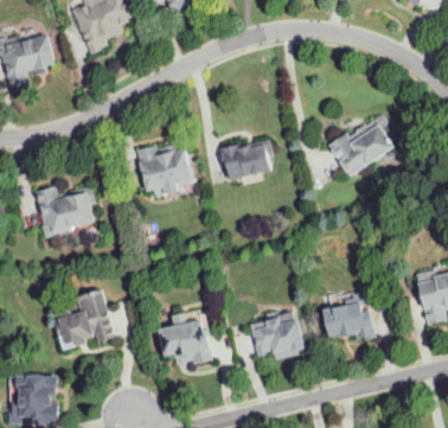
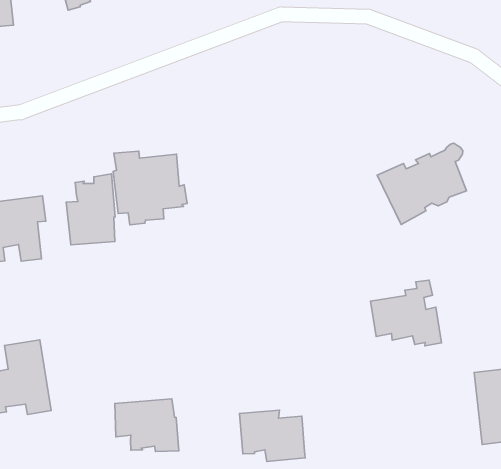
building: [219,139,271,179] -> none
building: none -> [66,174,115,245]
building: [321,292,376,339] -> [371,280,442,346]

